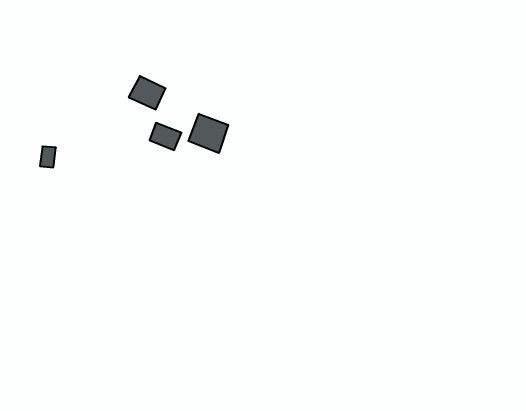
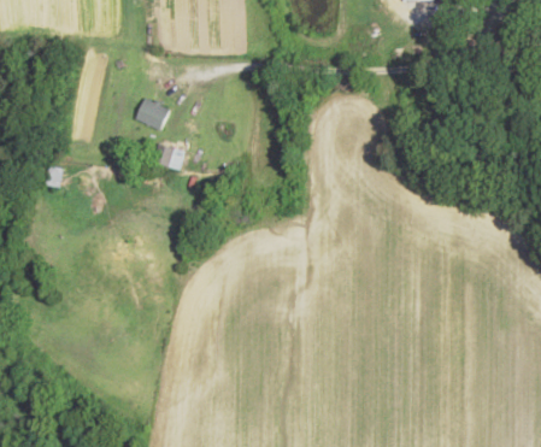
building: [188,114,228,153] -> none

